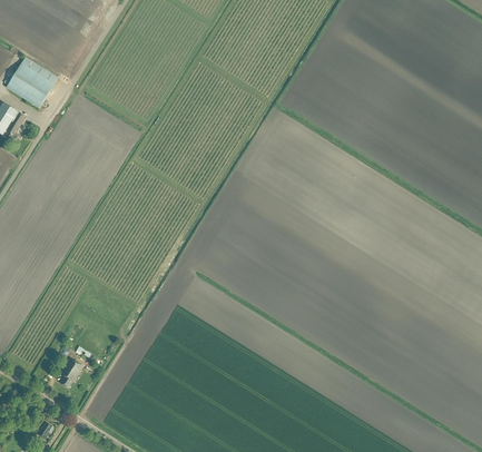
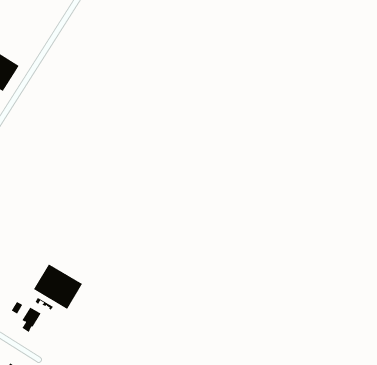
building: none -> [33,263,83,310]

